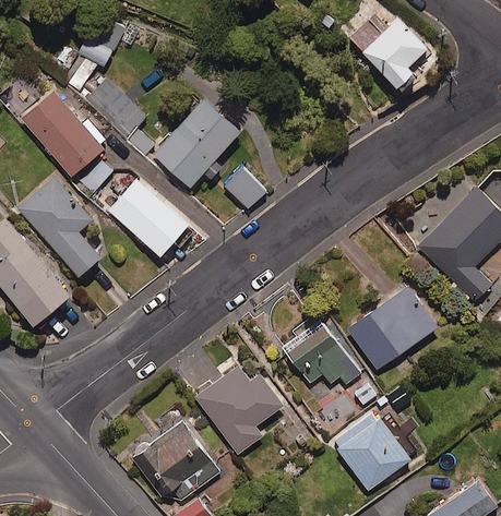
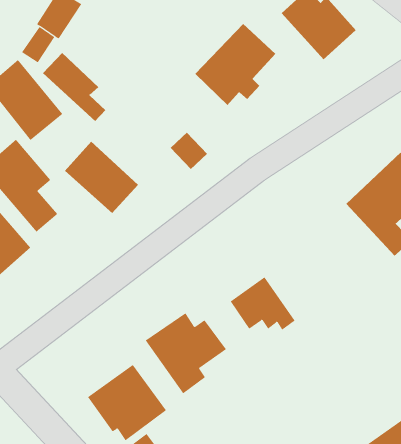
building: [153,97,242,188] -> [194,23,276,106]
building: [347,284,440,370] -> none
building: [333,409,413,490] -> none

